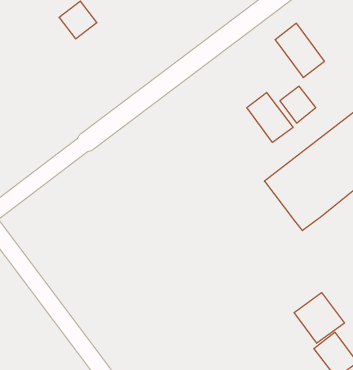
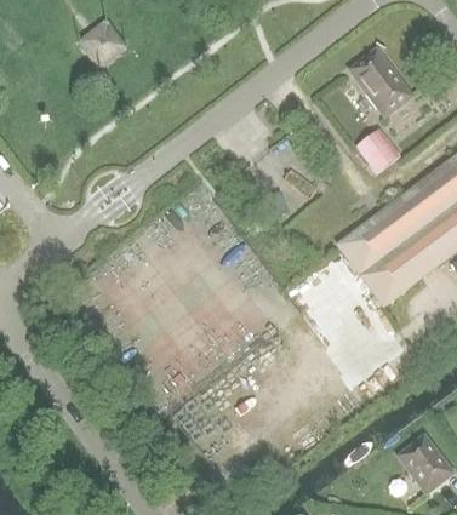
building: [247,92,293,142] -> none
building: [294,293,344,343] -> none

